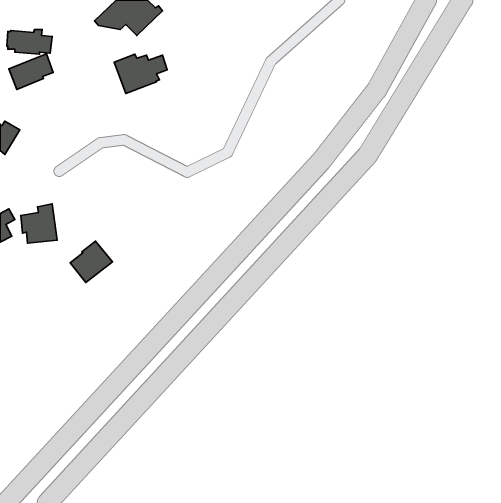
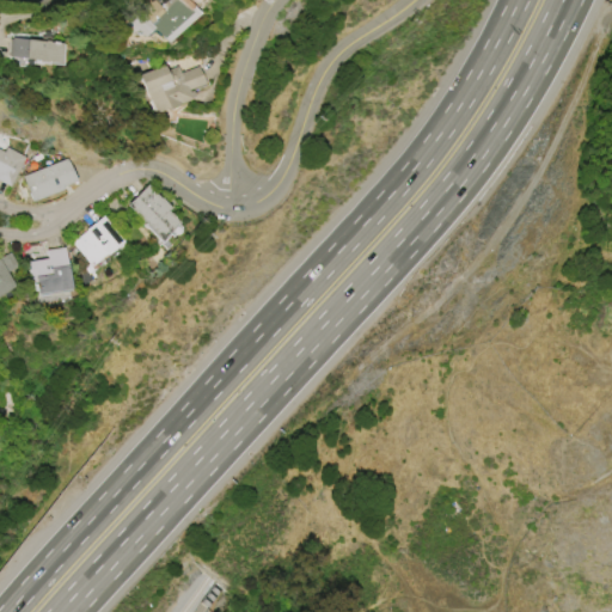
building: [9,54,53,89] -> [24,159,78,202]
building: none -> [127,185,179,241]
building: [70,241,112,282] -> [73,216,124,267]

